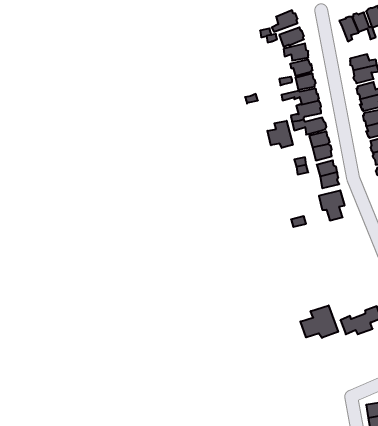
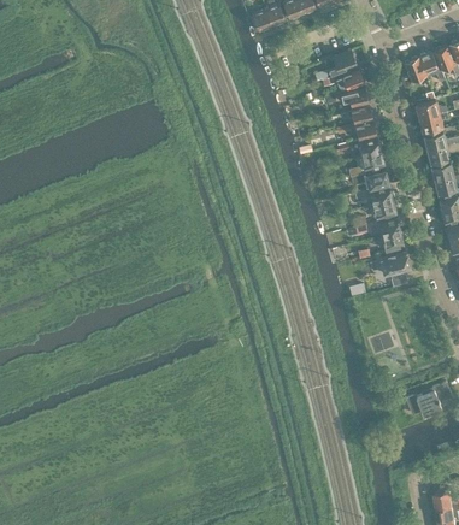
building: [267,121,293,148] -> none
building: [300,305,338,338] -> none

